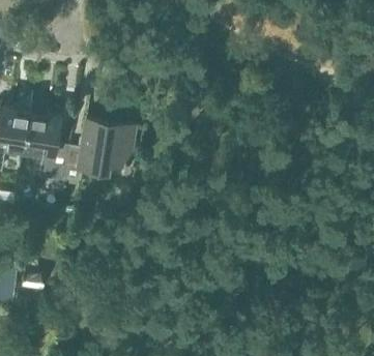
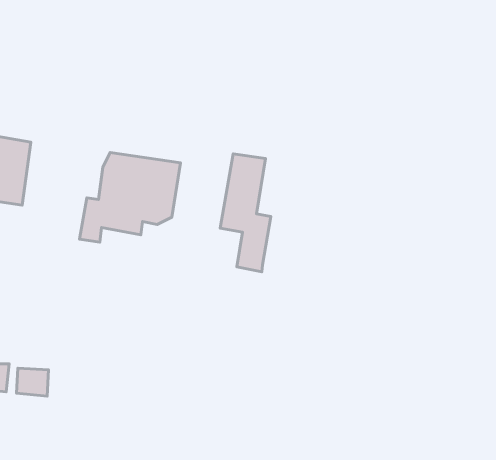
building: [24,114,69,186] -> none
building: none -> [220,154,271,272]

